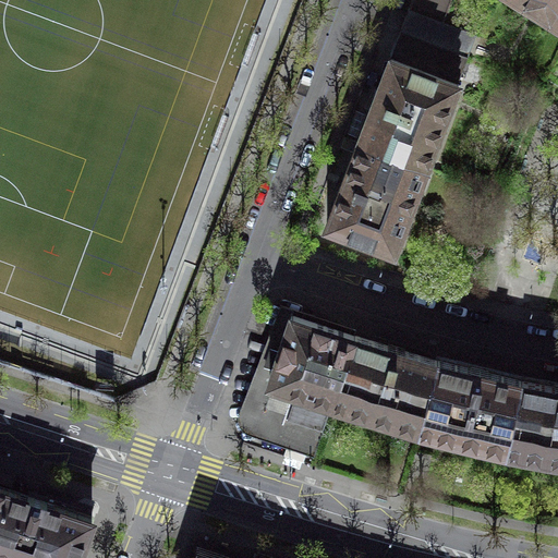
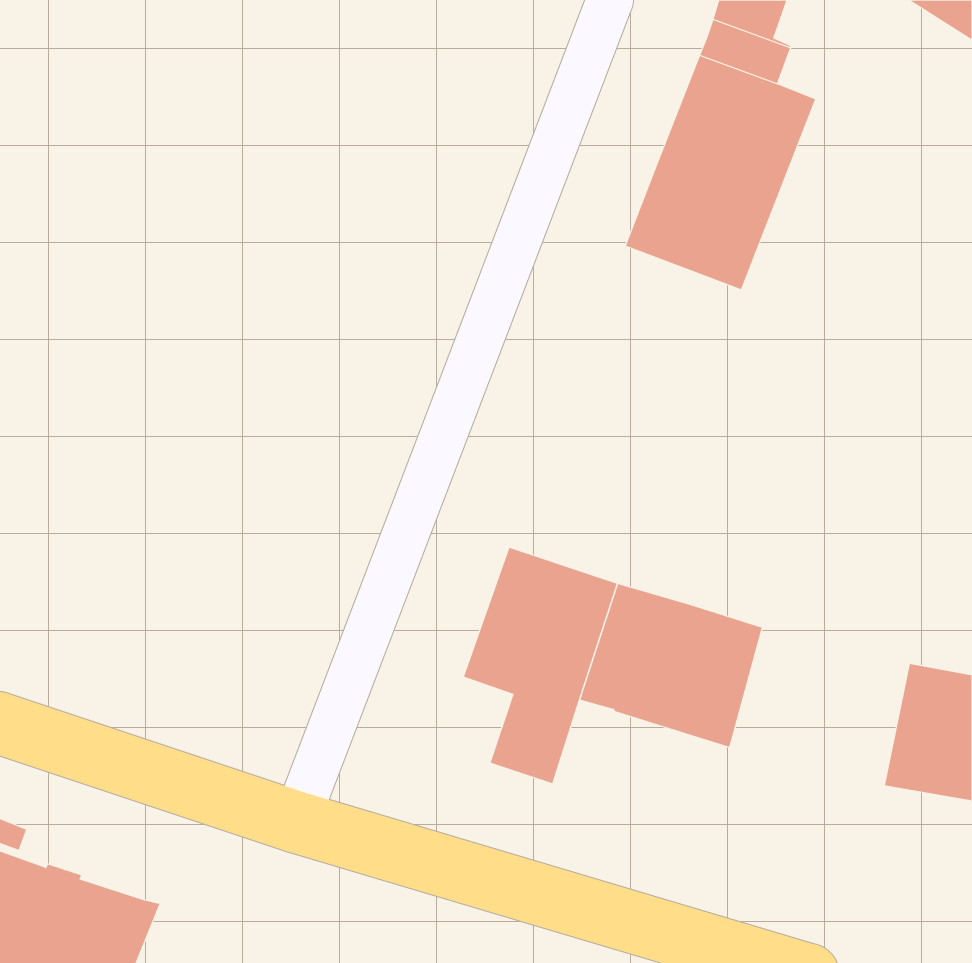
building: [326,147,424,256] -> none
building: [239,315,316,462] -> none
building: [417,365,520,456] -> none

